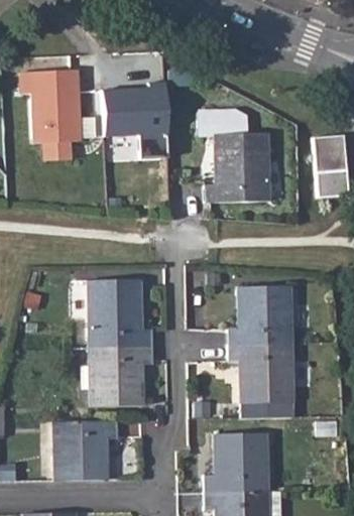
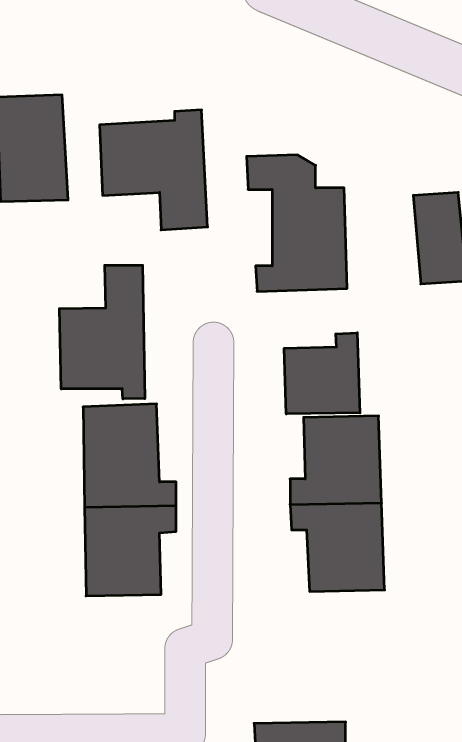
building: none -> [59,265,145,399]
building: none -> [284,333,360,414]
building: [53,420,116,481] -> none
building: [204,431,266,492] -> none

